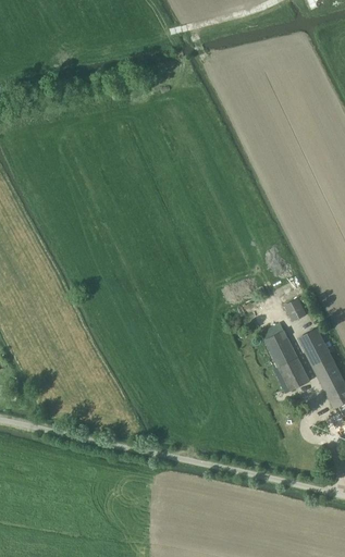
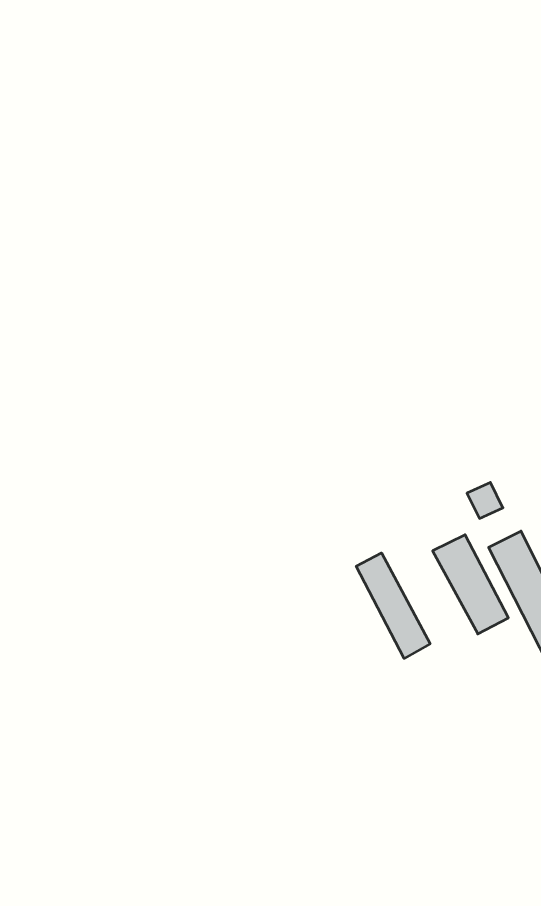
building: none -> [356,553,430,658]

